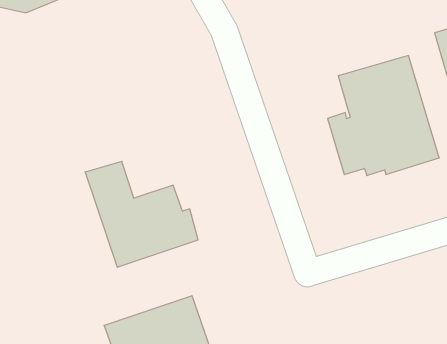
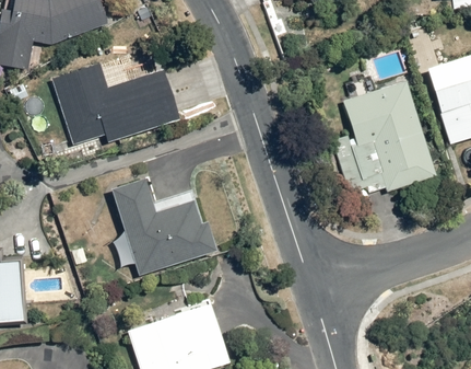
building: none -> [54,61,182,145]

